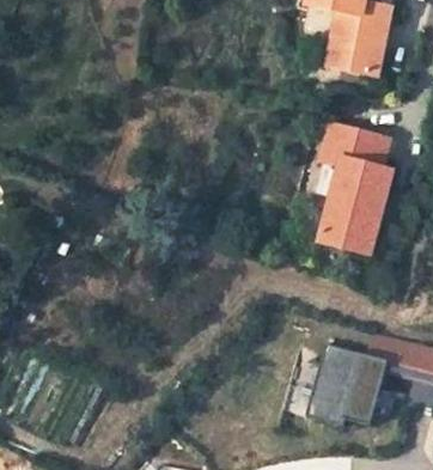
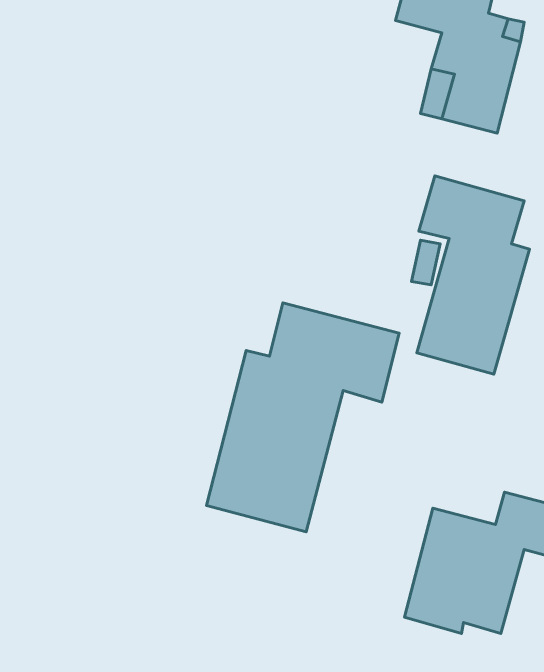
building: none -> [206,303,399,532]

